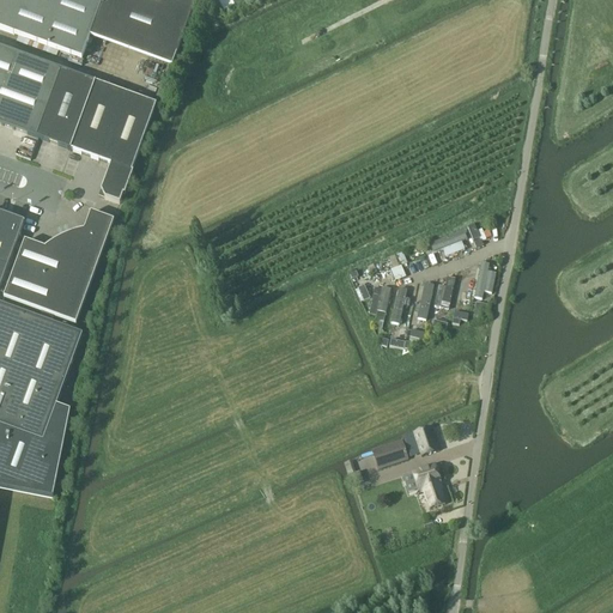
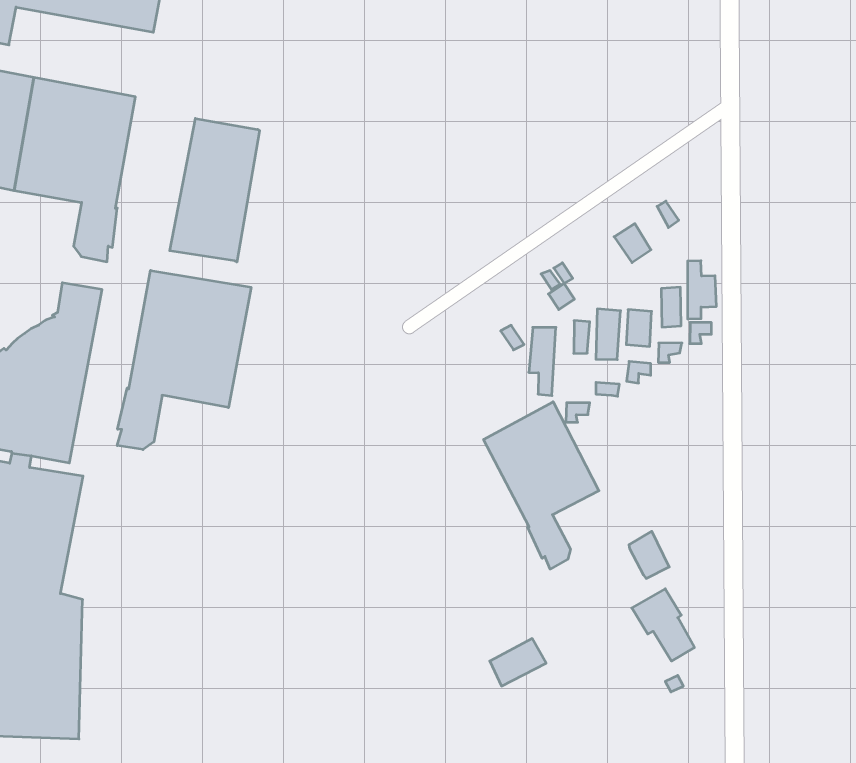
building: none -> [170,118,260,262]
building: none -> [117,270,251,450]
building: none -> [484,402,599,569]
building: [371,437,406,463] -> [490,639,546,686]

